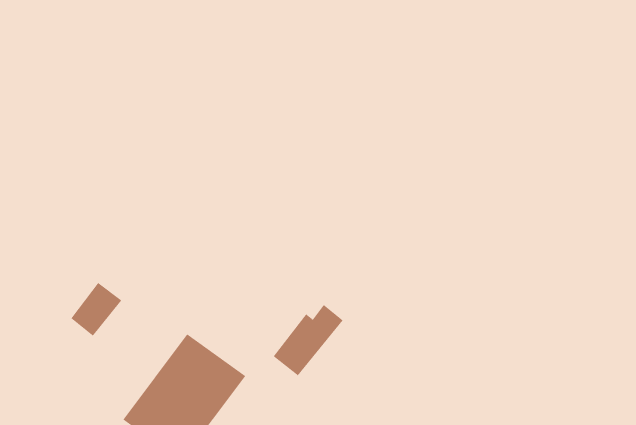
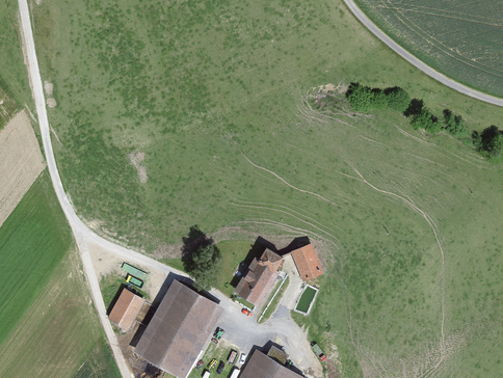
building: [70,282,122,336] -> [107,291,141,329]
building: none -> [291,246,320,279]

